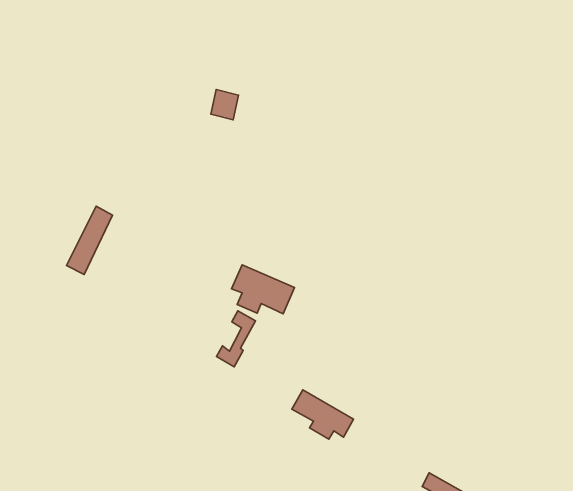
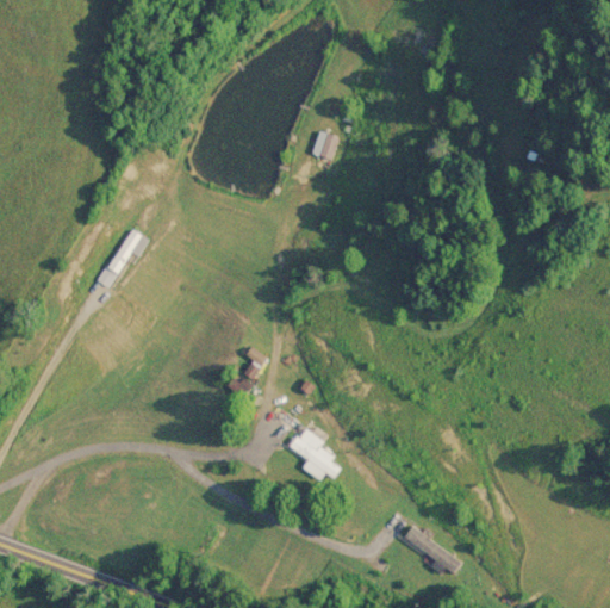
building: [211,90,238,120] -> [311,129,340,160]
building: [232,265,295,314] -> none

